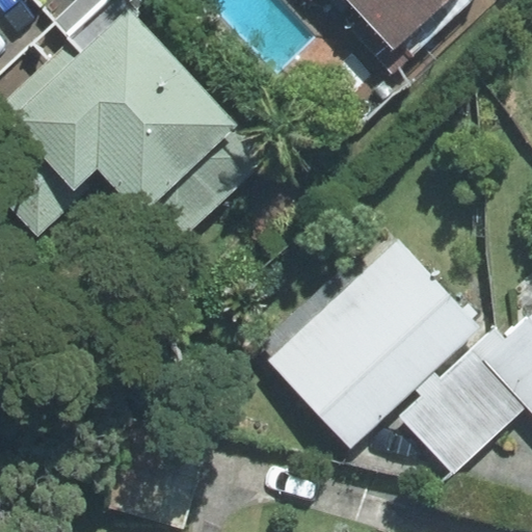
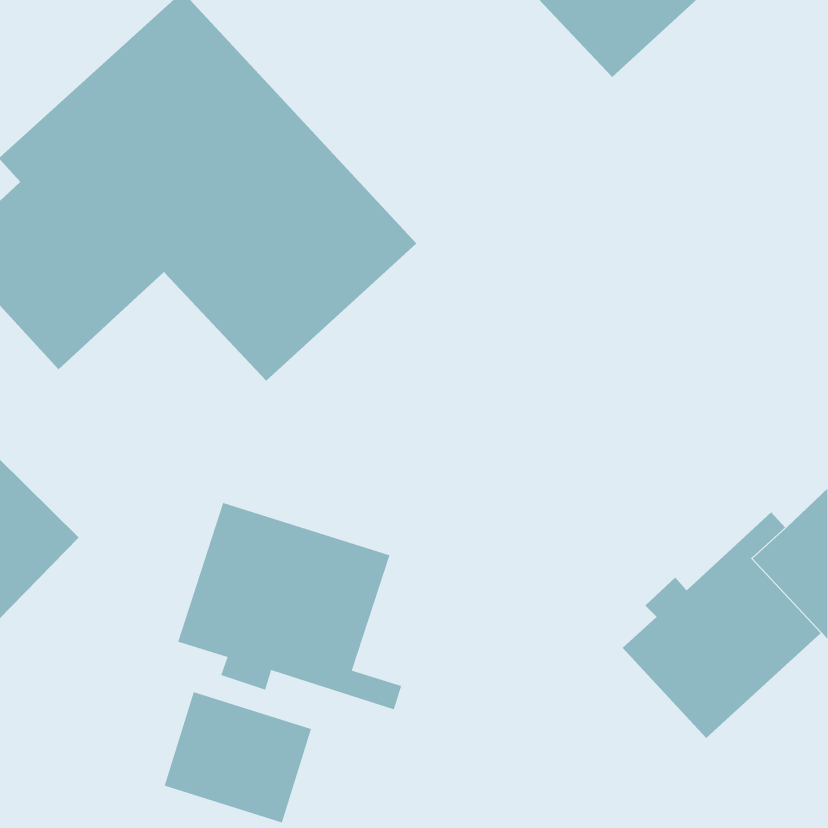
building: [269,239,479,446] -> none
building: none -> [178,502,402,710]

